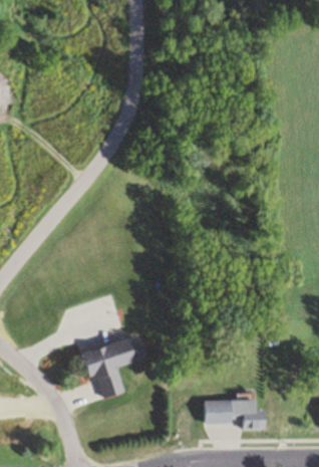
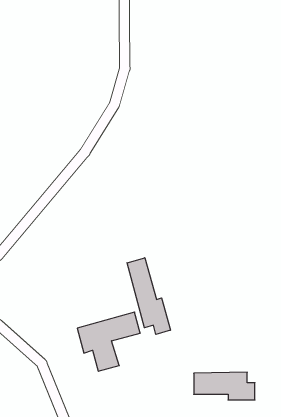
building: none -> [127,258,170,334]

